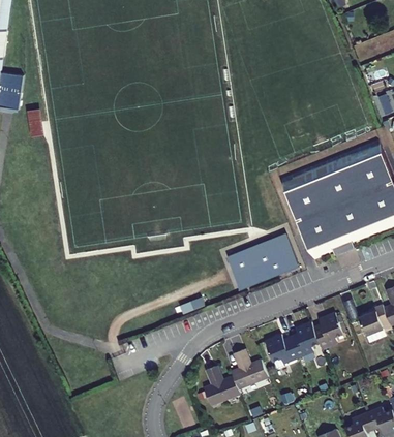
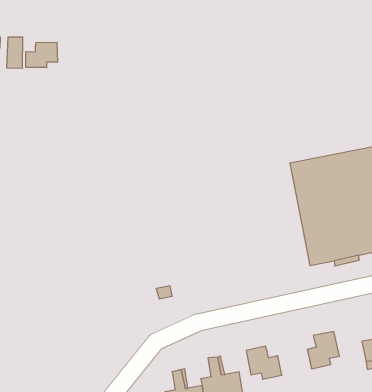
building: none -> [26,42,57,68]
building: [224,235,294,288] -> none
building: [296,321,324,355] -> none

